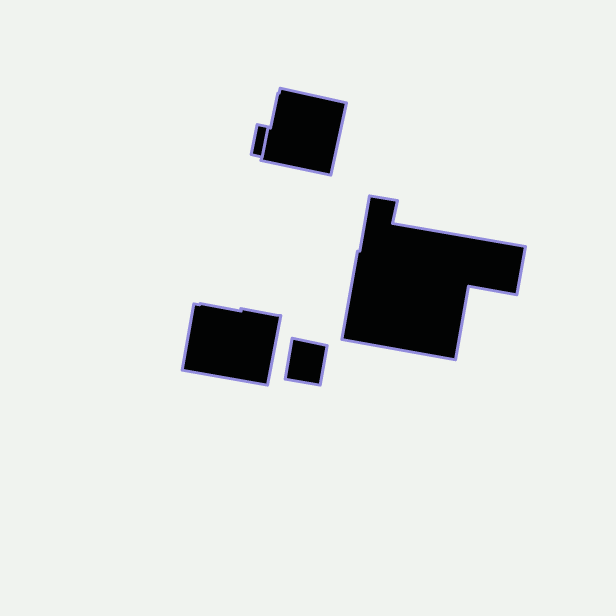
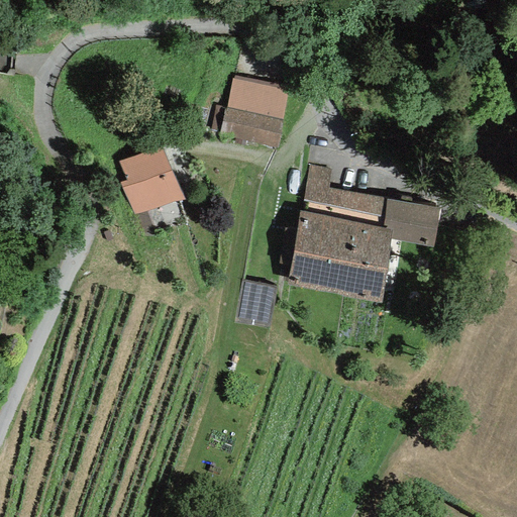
building: none -> [119,144,183,216]
building: [182,304,281,385] -> none

